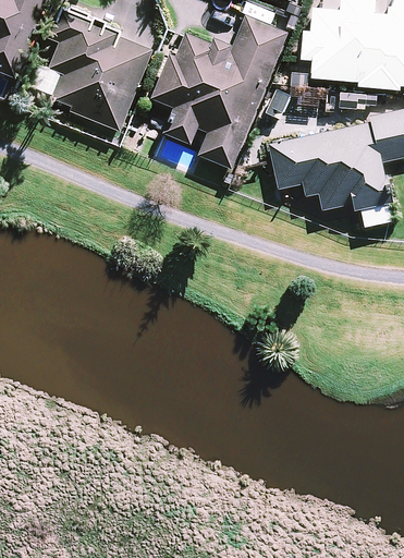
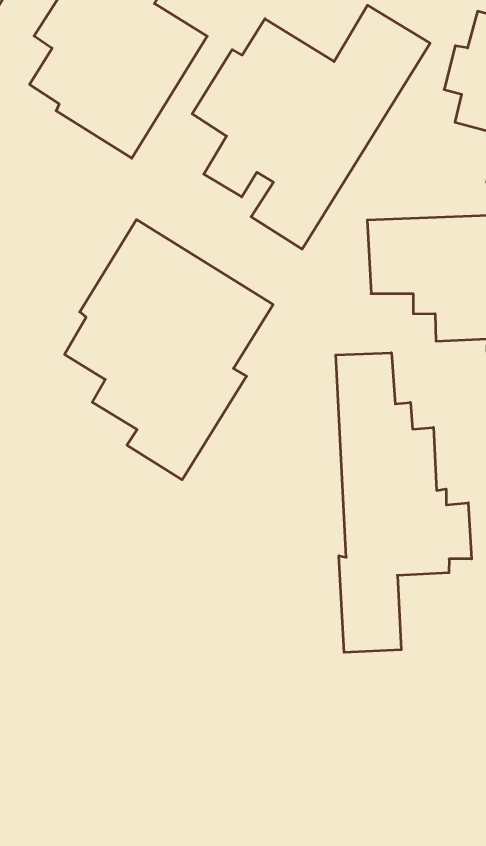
building: none -> [65,220,273,480]
building: none -> [336,353,472,652]

